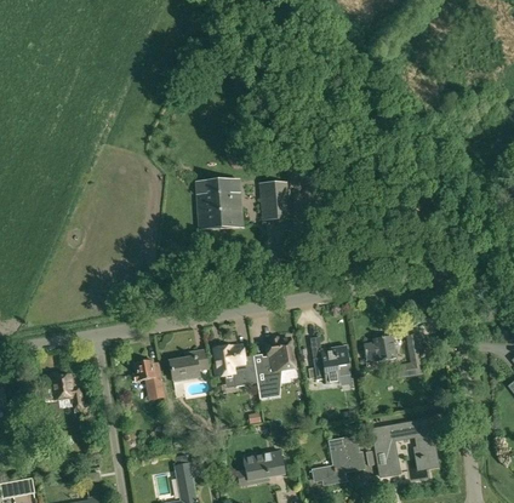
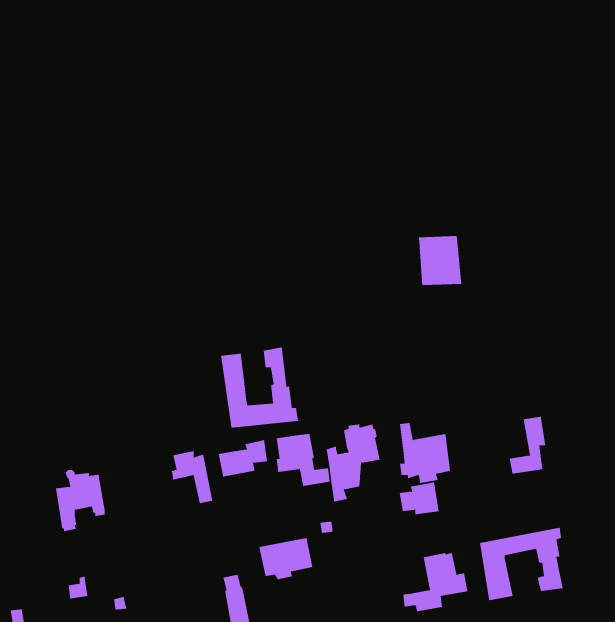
building: [194,179,242,230] -> none
building: [258,182,292,221] -> [418,236,462,286]
building: none -> [221,346,299,428]
building: [364,336,395,361] -> [399,482,440,515]
building: [242,451,285,484] -> [259,537,313,580]

